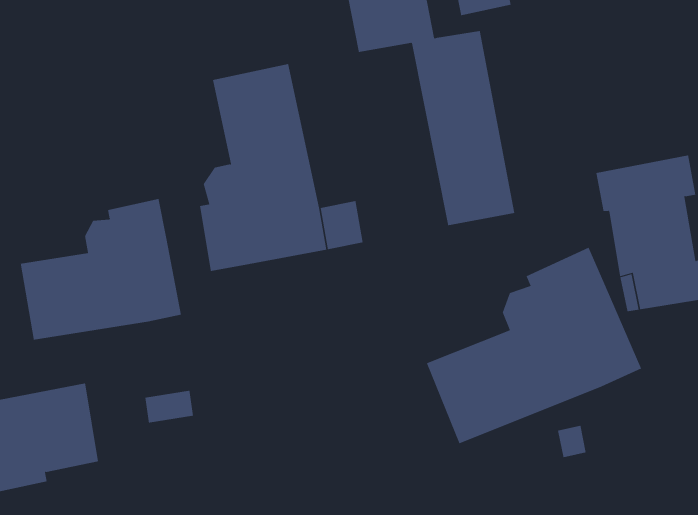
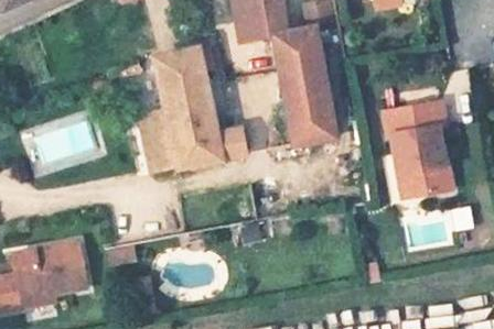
building: [20,198,182,341] -> none
building: [426,247,642,444] -> none

